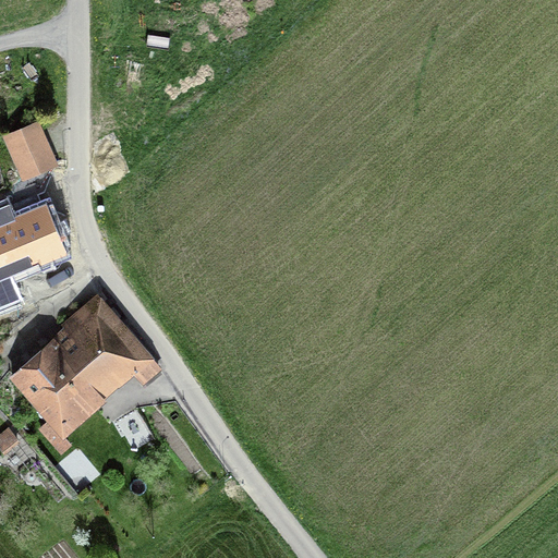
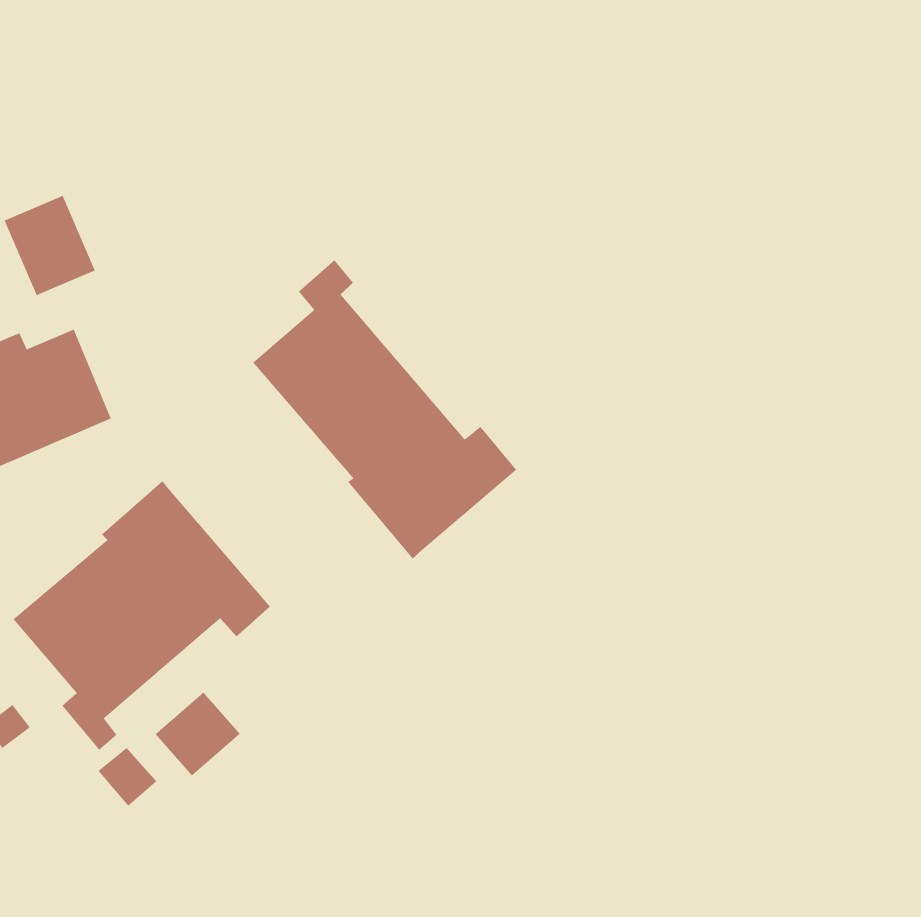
building: none -> [252,259,517,560]
building: none -> [155,691,241,777]

